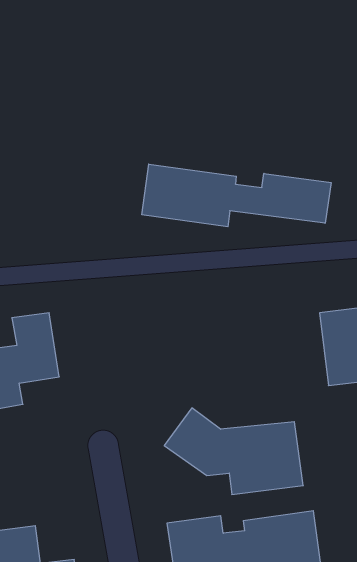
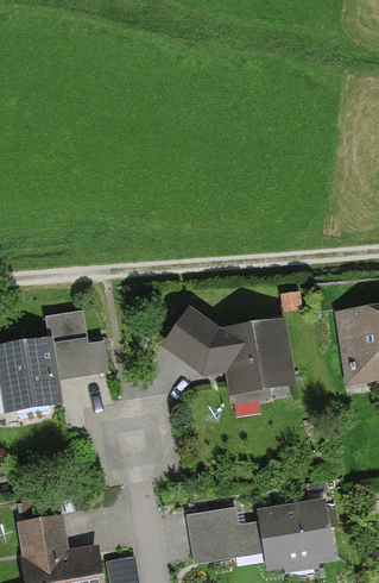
building: [142,164,331,227] -> none
building: [164,408,303,494] -> [165,314,297,396]

